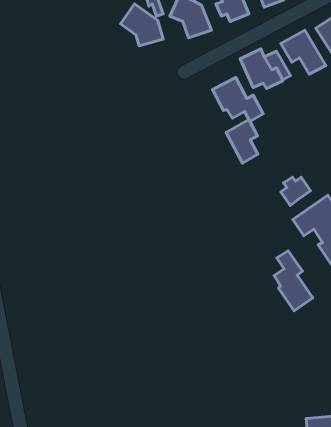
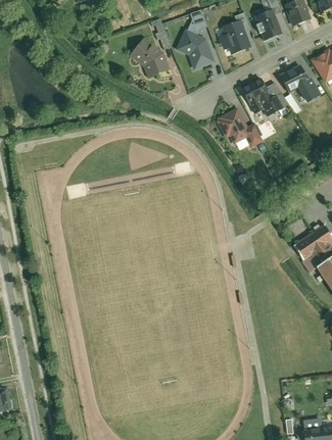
building: [226,120,258,163] -> none
building: [281,177,310,205] -> none
building: [274,251,313,311] -> none

